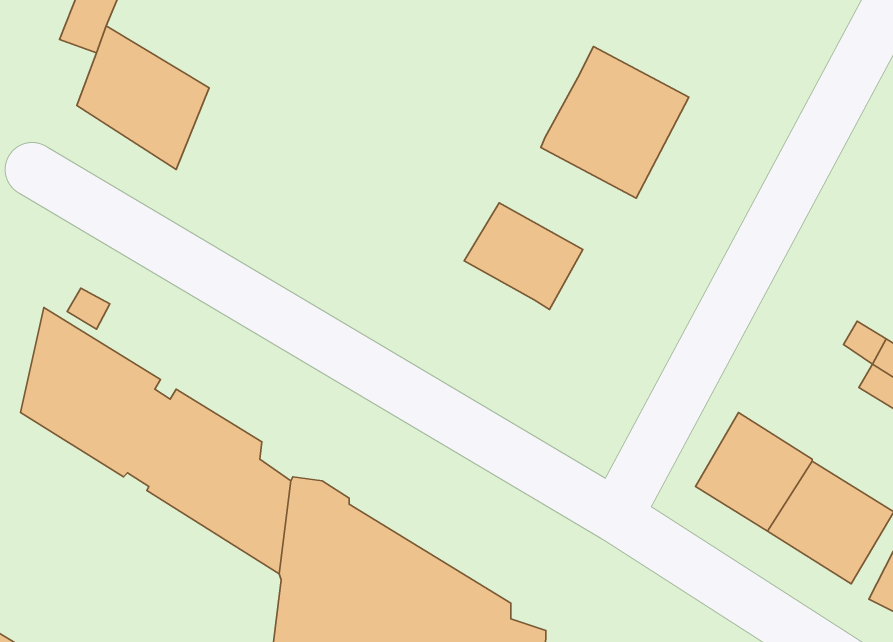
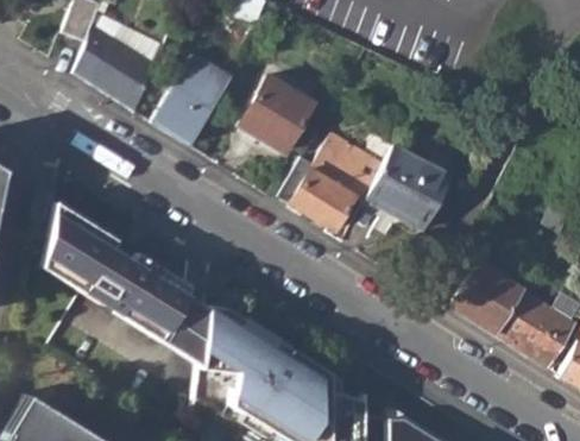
building: [541,47,689,198] -> [364,145,454,238]
building: none -> [153,56,233,146]
building: none -> [240,76,313,152]
building: none -> [291,170,357,231]

